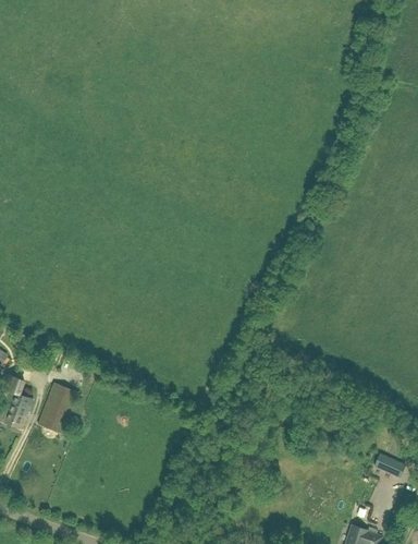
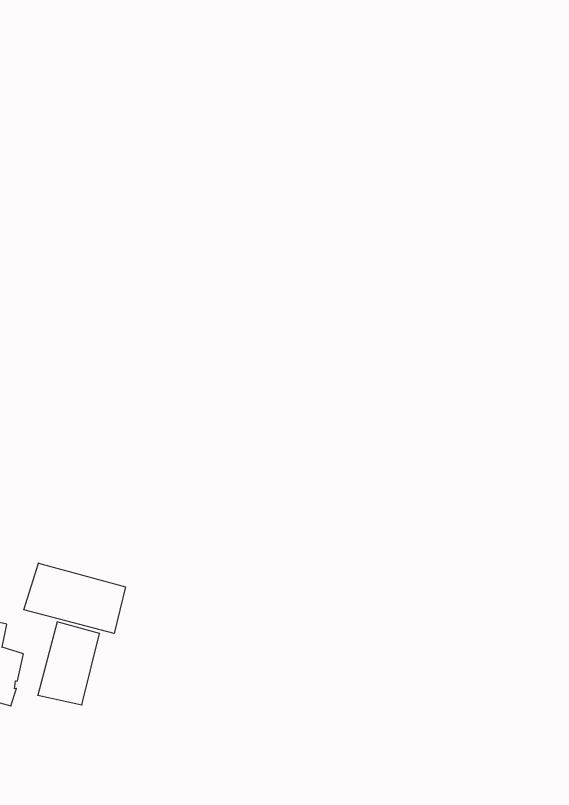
building: none -> [24,563,126,633]

